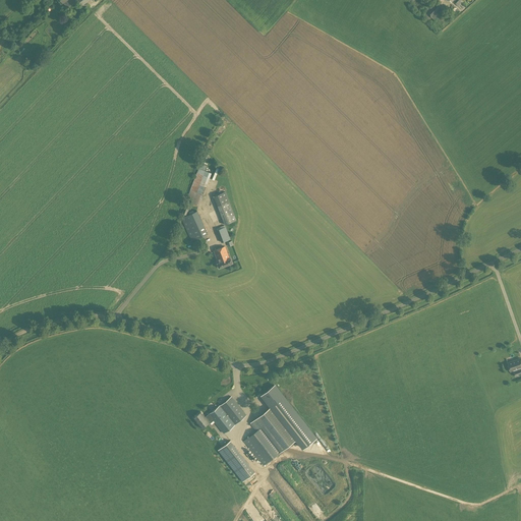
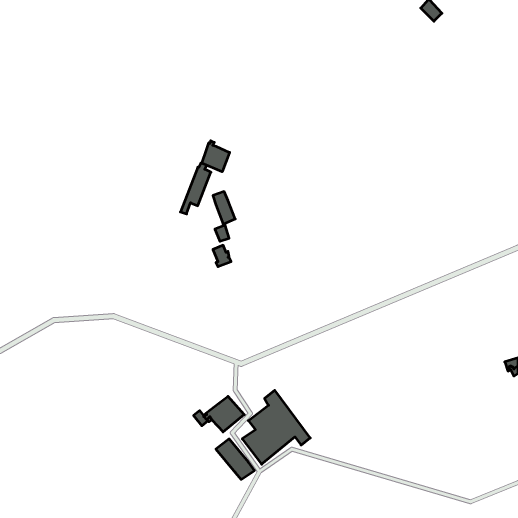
building: none -> [202,141,230,172]
building: [181,211,208,241] -> none

